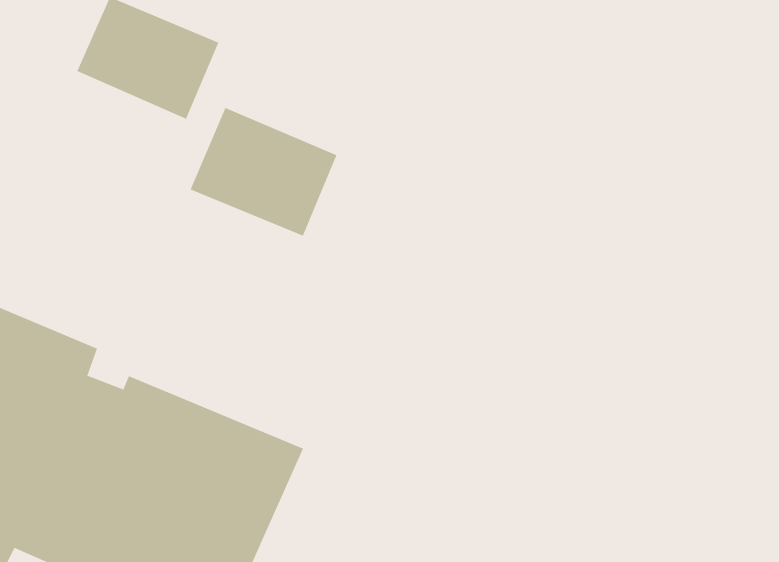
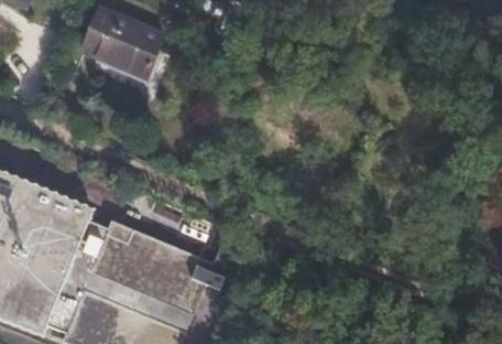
building: [190,107,337,237] -> none

